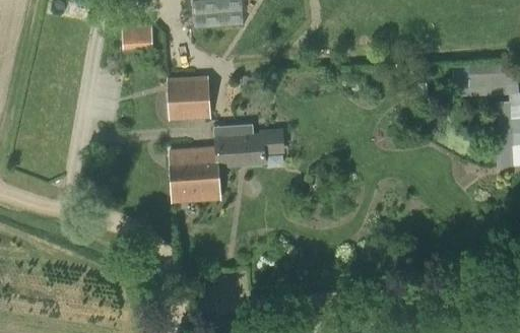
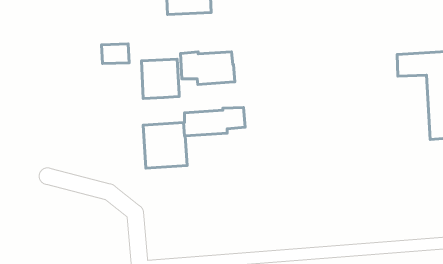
building: [125,23,156,46] -> [101,44,129,64]
building: none -> [180,52,235,84]

